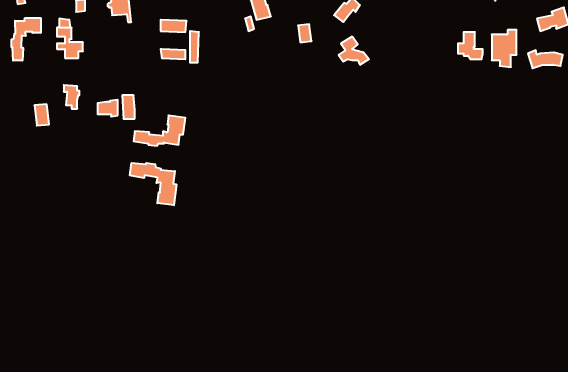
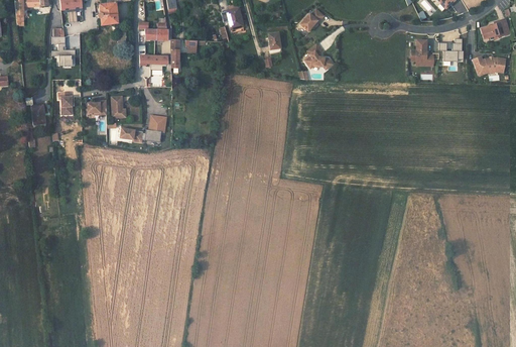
building: [12,18,41,61] -> none
building: [130,163,176,205] -> none

